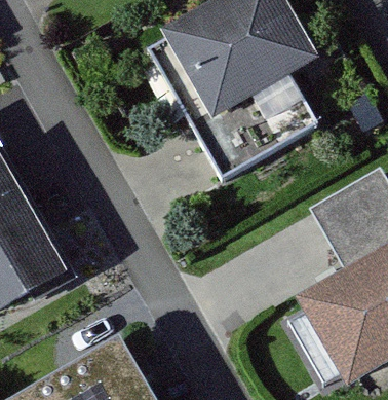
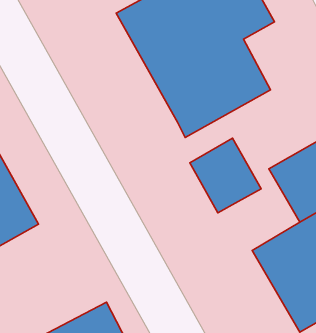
building: none -> [190,138,261,213]

